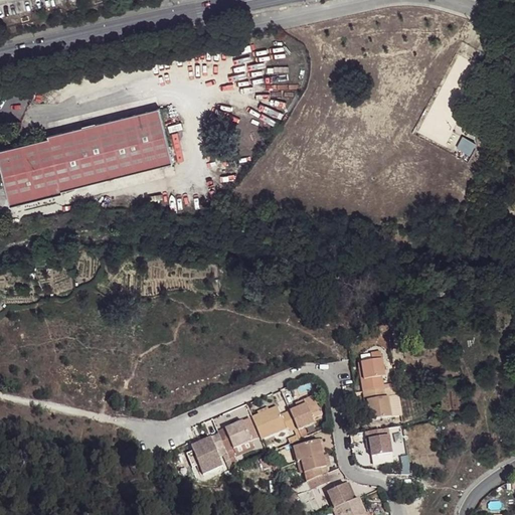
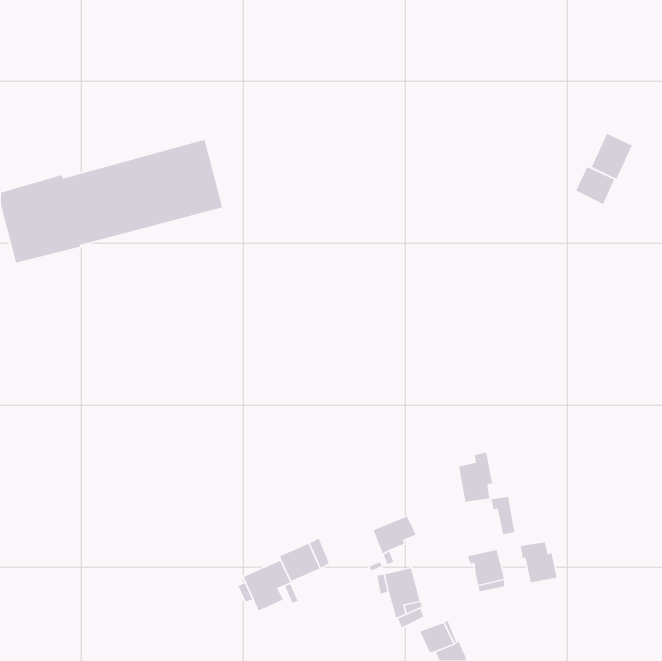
building: none -> [591,133,633,180]
building: [361,386,390,418] -> [520,542,557,583]
building: [251,405,296,438] -> none

